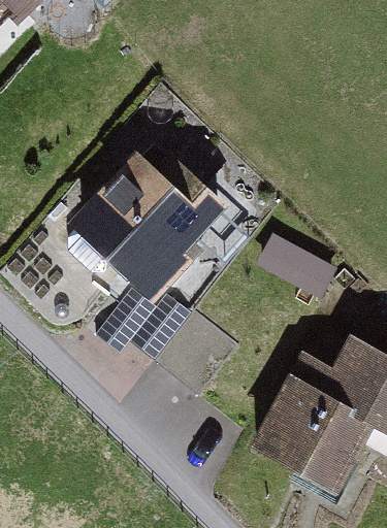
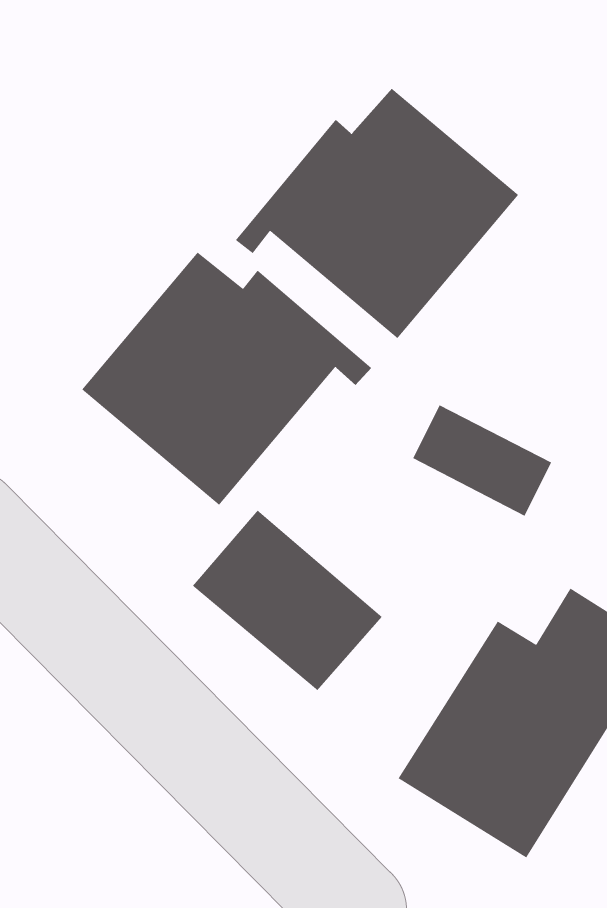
building: none -> [235,88,519,339]

